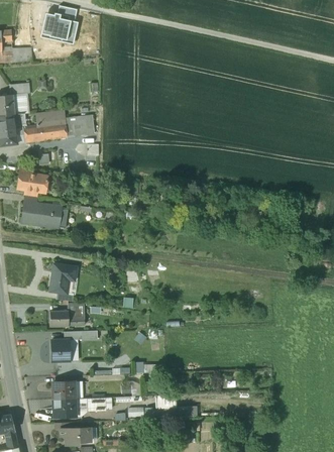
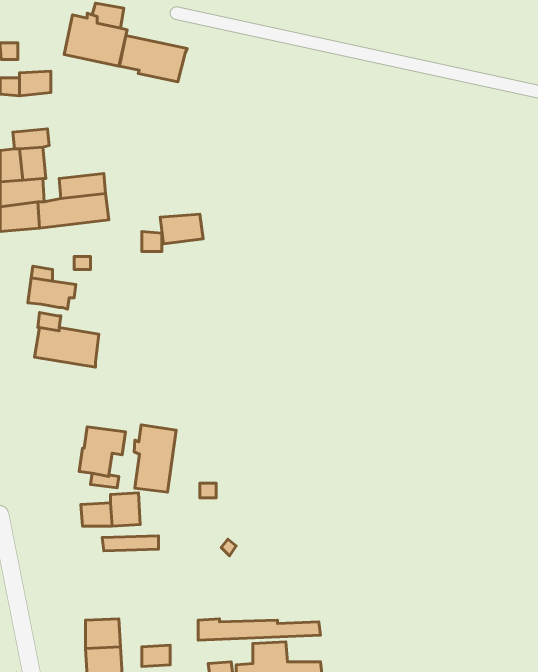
building: none -> [119,35,187,82]
building: [65,120,91,138] -> [160,214,203,244]
building: none -> [134,425,176,492]
building: [50,340,78,361] -> none

